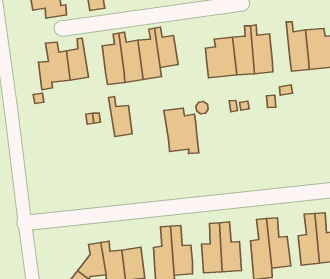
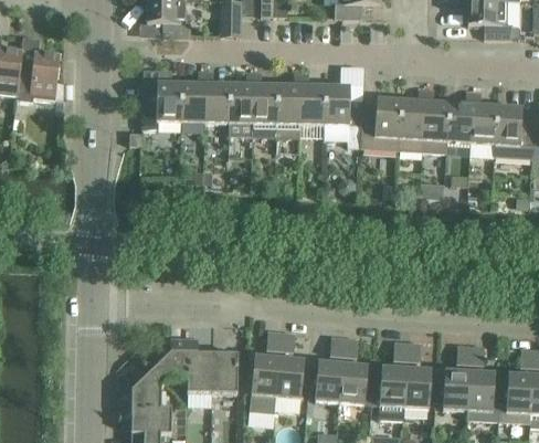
building: none -> [447,91,474,143]
building: [109,97,132,137] -> [205,70,230,122]
building: [164,108,199,153] -> [324,85,363,147]

